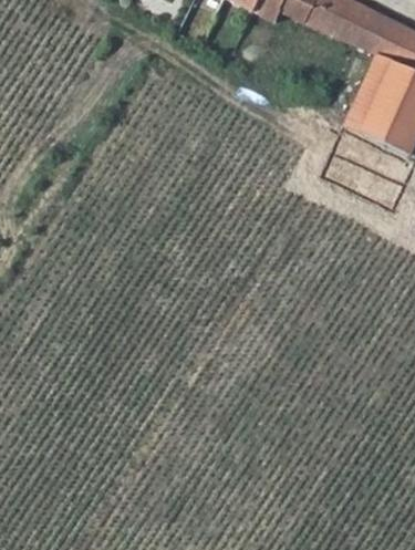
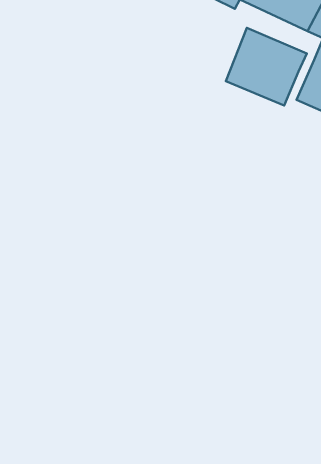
building: none -> [226,28,307,106]

